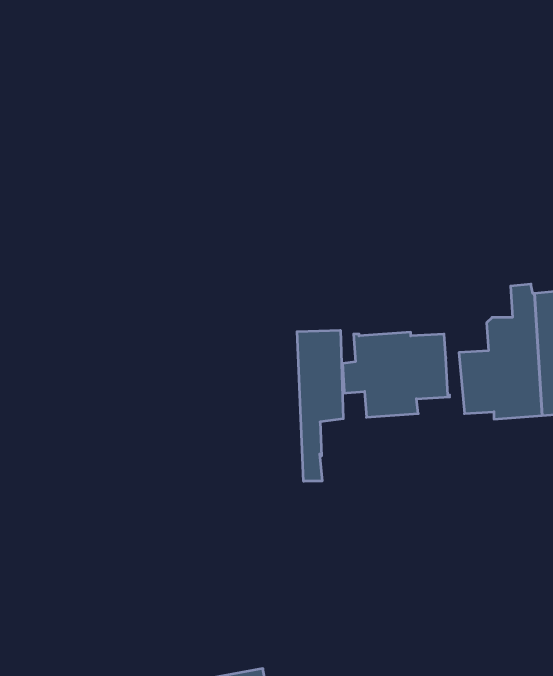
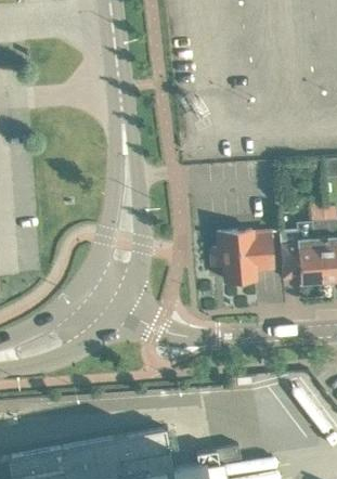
building: [297,330,343,481] -> none

